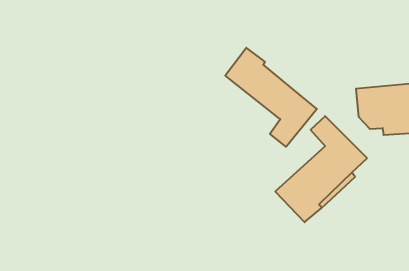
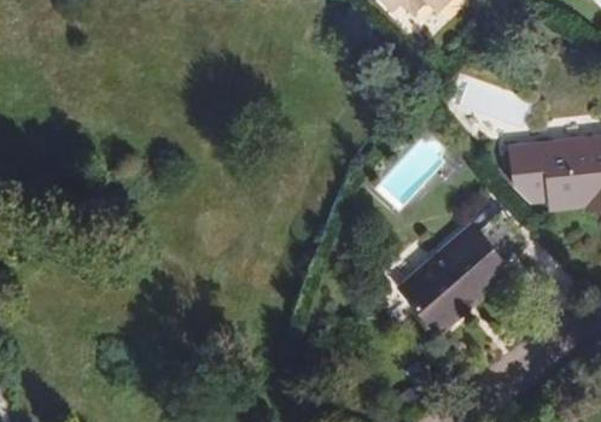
building: [225,48,317,147] -> none

